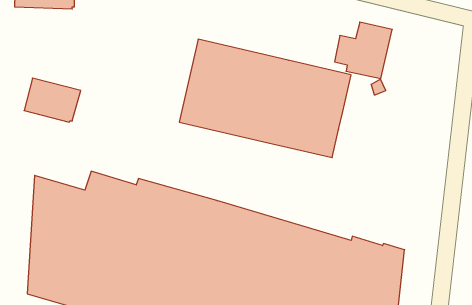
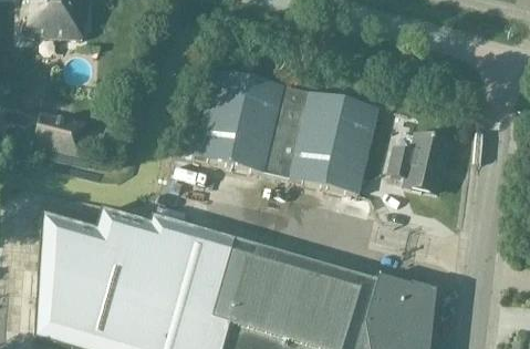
building: [335,22,392,79] -> [391,130,451,189]

